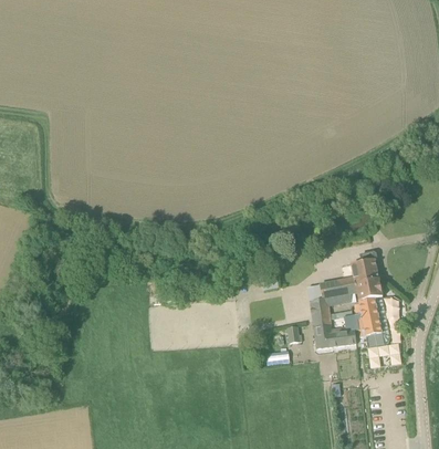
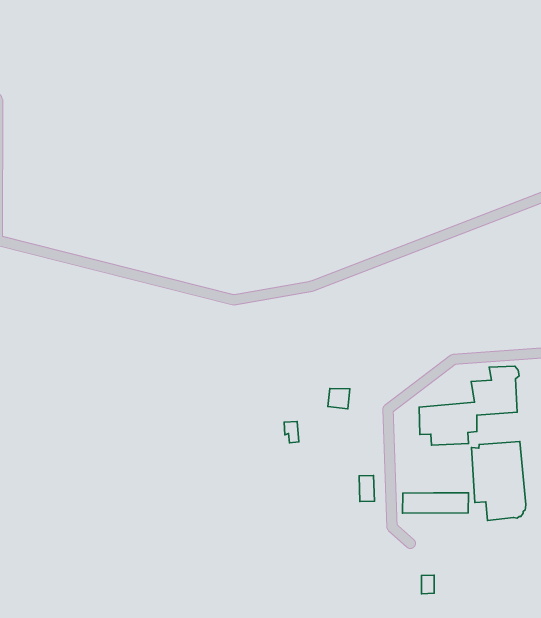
building: [354,280,381,302] -> none
building: [310,299,333,336] -> none

